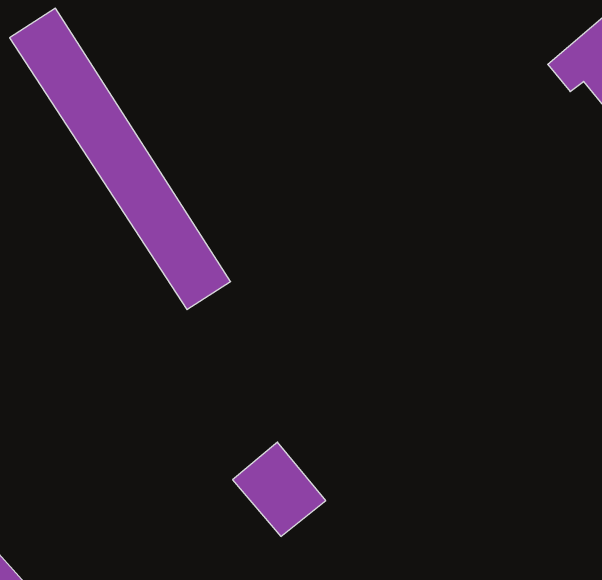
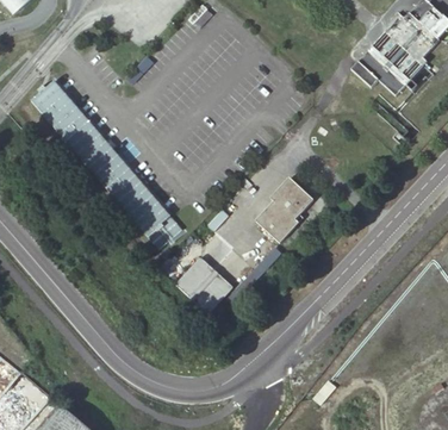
building: none -> [255,176,312,242]
building: [233,442,326,536] -> [176,256,234,312]

